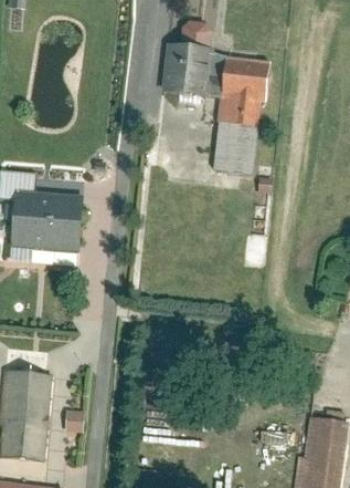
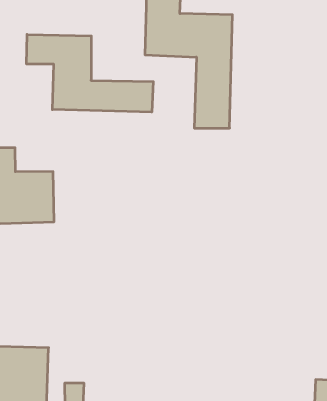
building: none -> [27,34,153,112]

